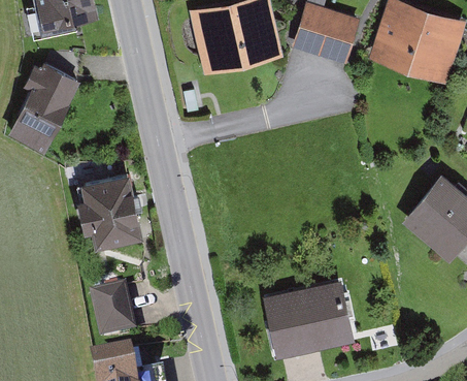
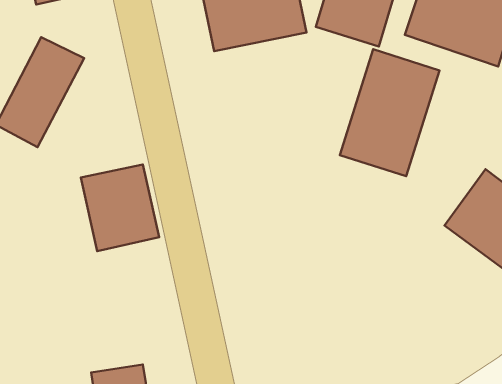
building: none -> [340,49,439,176]
building: [265,282,357,359] -> none
building: [84,283,132,340] -> none

